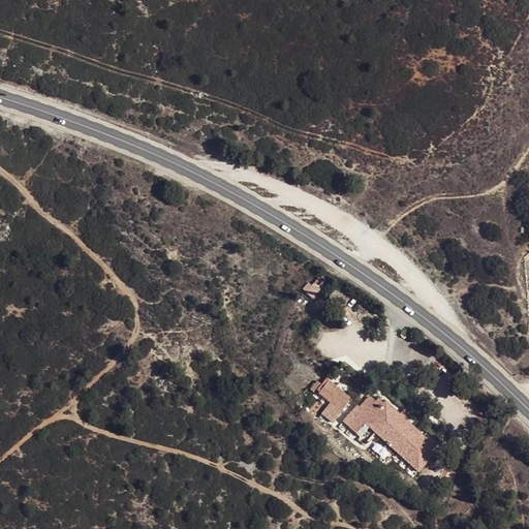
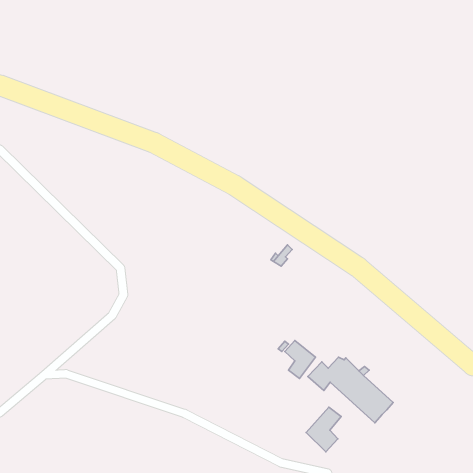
building: none -> [306,407,341,452]

